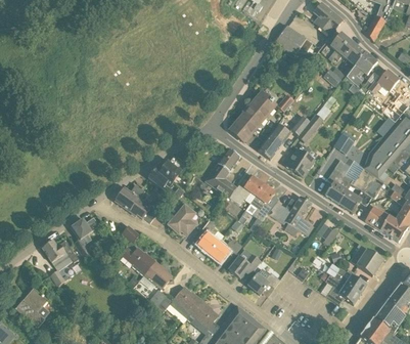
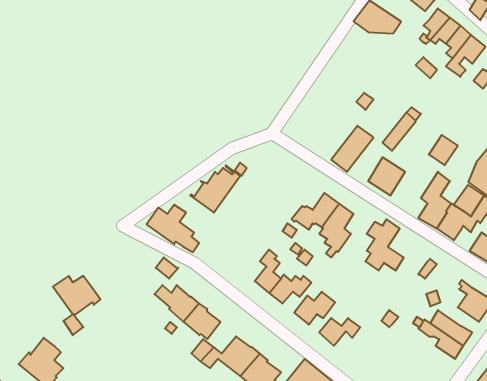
building: [230,91,275,140] -> none
building: [206,147,240,196] -> none
building: [168,202,196,234] -> none
building: [71,218,97,257] -> none

